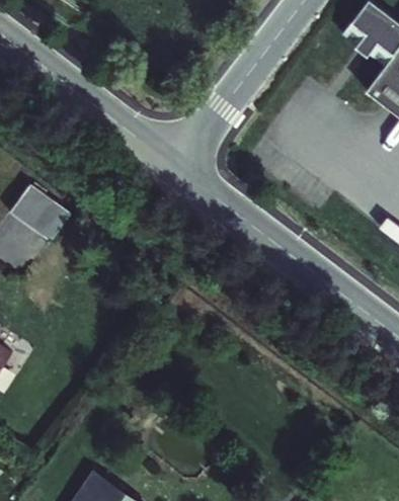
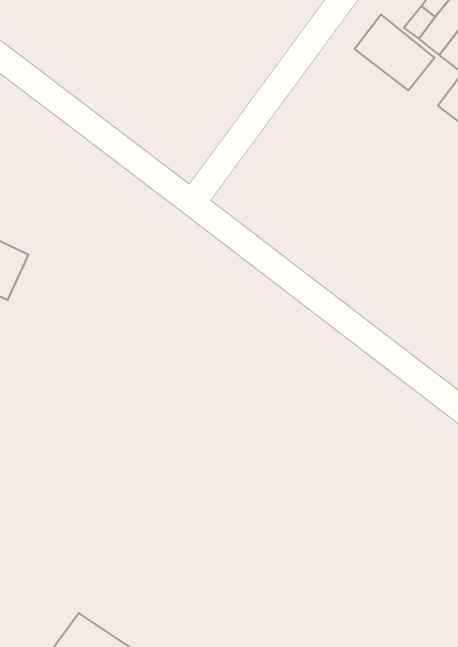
building: none -> [355,15,435,90]

